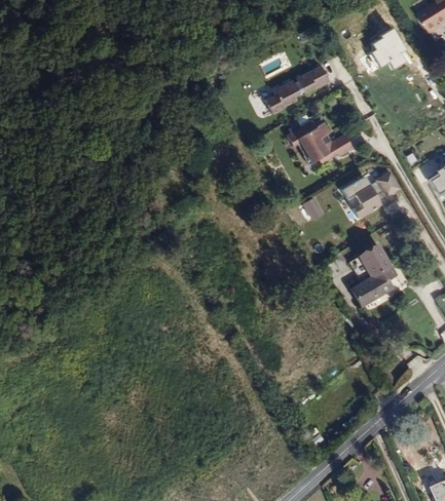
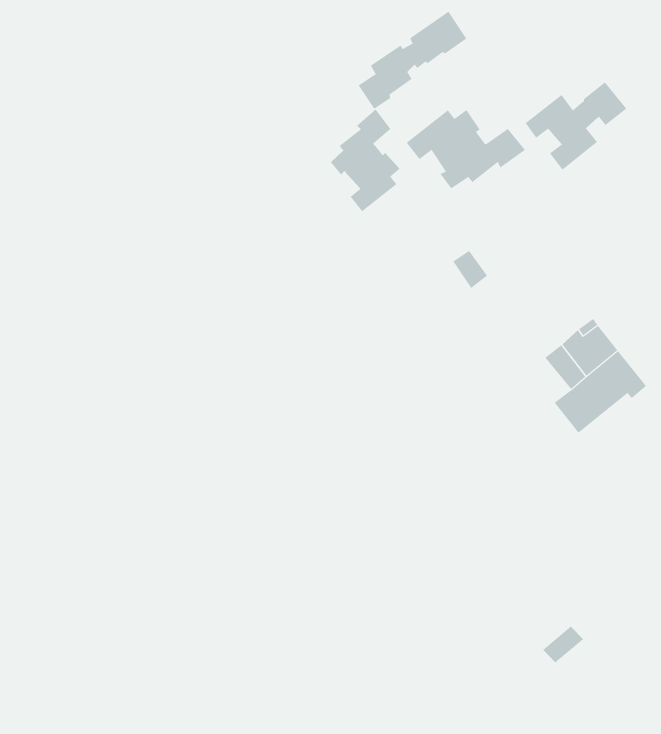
building: none -> [330,109,401,212]
building: [339,172,397,219] -> [525,81,627,170]

